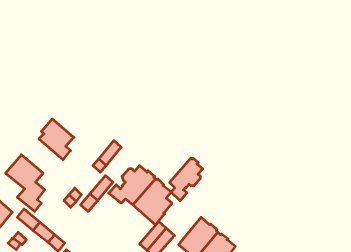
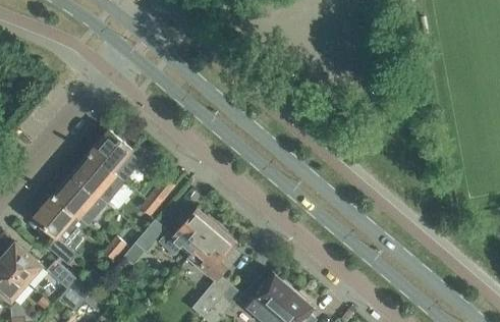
building: none -> [90,129,140,180]
building: none -> [52,175,105,224]
building: [170,158,203,201] -> none

